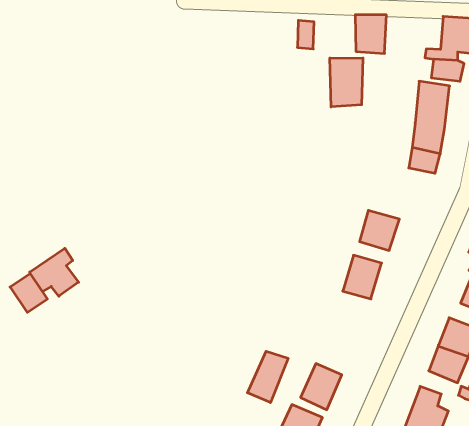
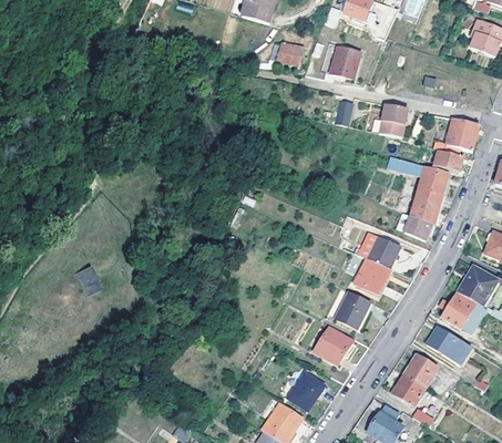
building: [330,58,363,107] -> none
building: none -> [348,227,401,270]
building: [30,248,79,296] -> none
building: none -> [315,327,352,364]
building: [247,351,288,403] -> none

